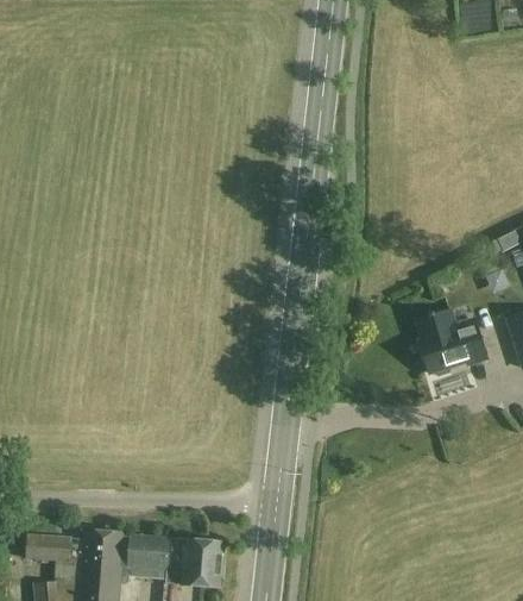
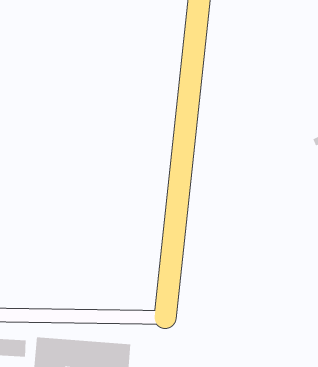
building: [418,311,486,376] -> none

